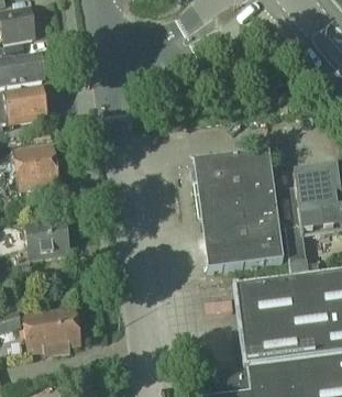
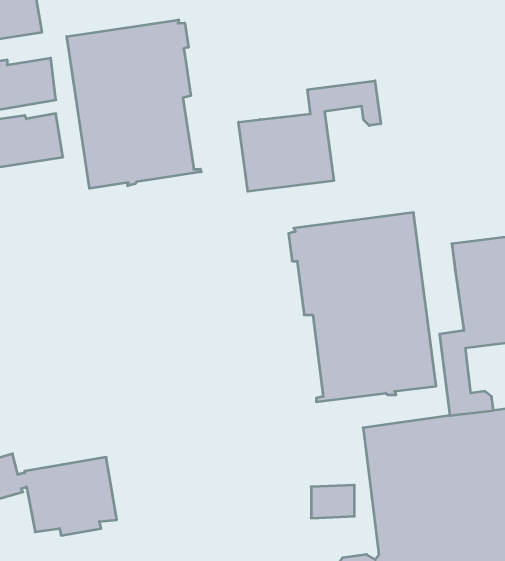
building: none -> [67,20,201,188]
building: none -> [239,81,381,191]
building: [13,143,58,188] -> none
building: [23,213,69,260] -> none

